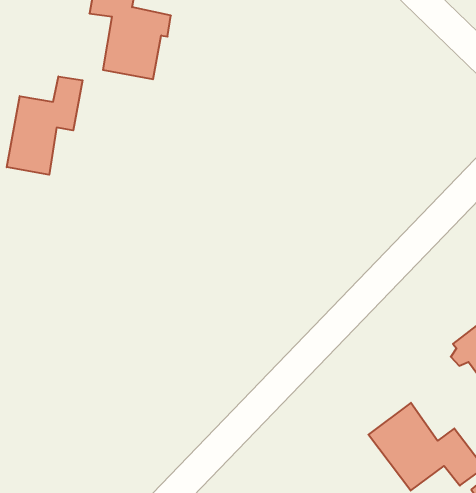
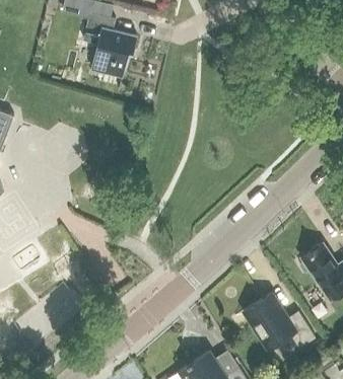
building: [7,76,83,175] -> none

